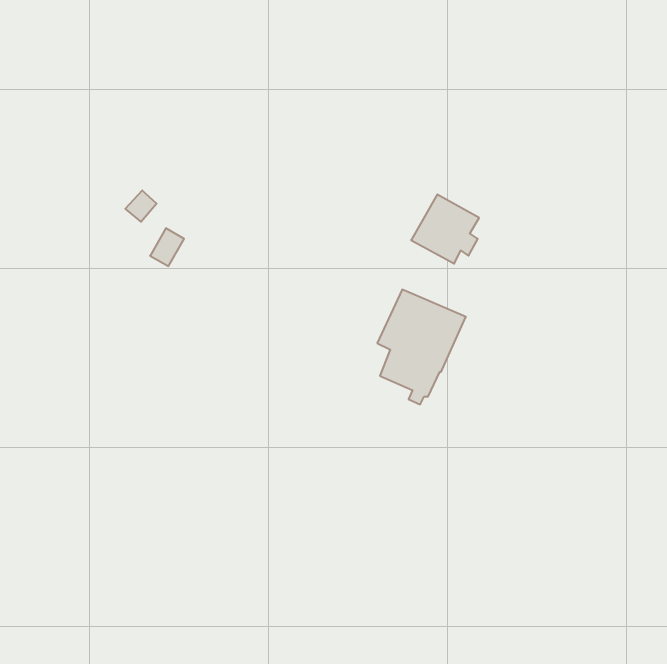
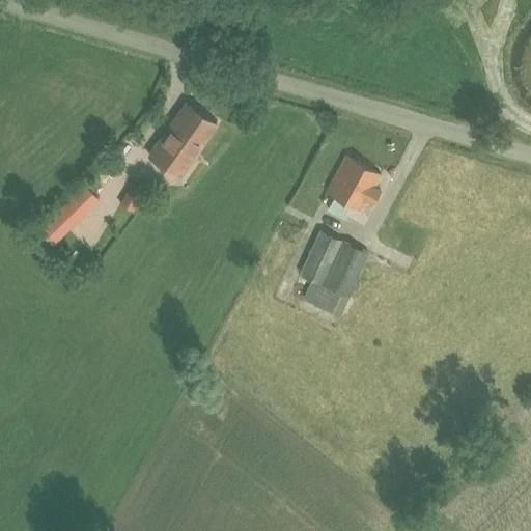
building: none -> [149,104,216,177]
building: none -> [31,186,99,252]

